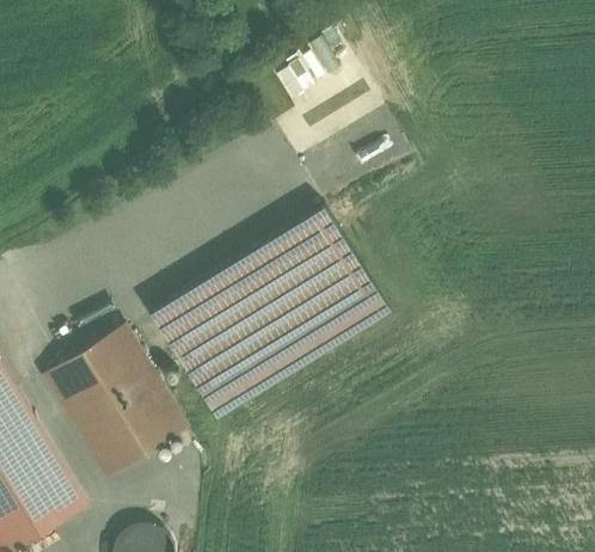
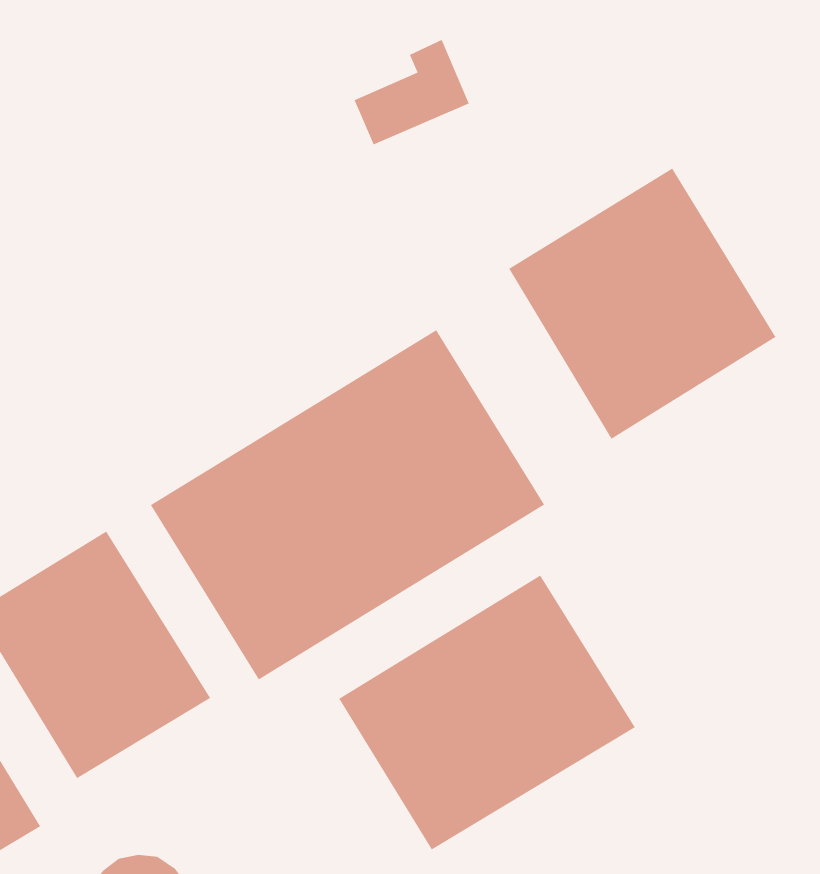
building: none -> [508,168,777,440]
building: none -> [338,575,636,851]

